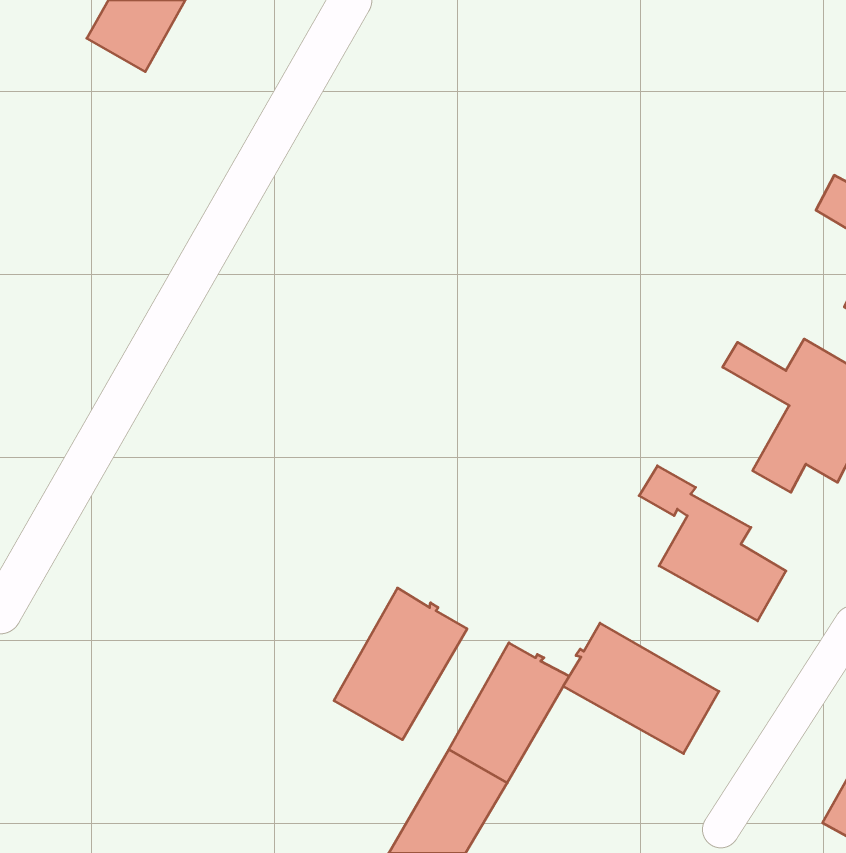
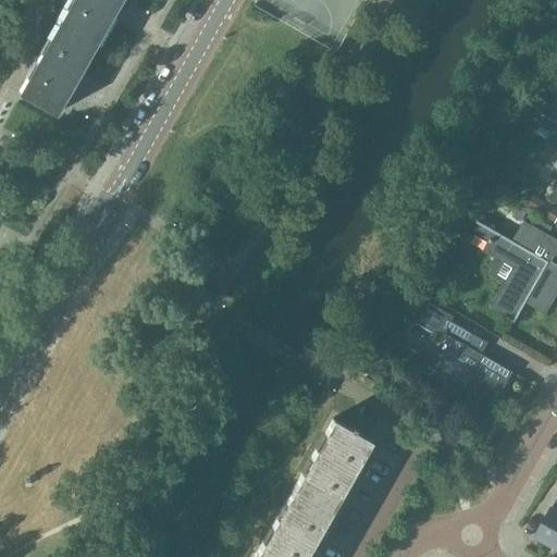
building: none -> [22,25,99,116]
building: [334,588,467,740] -> none
building: [563,623,719,754] -> none

